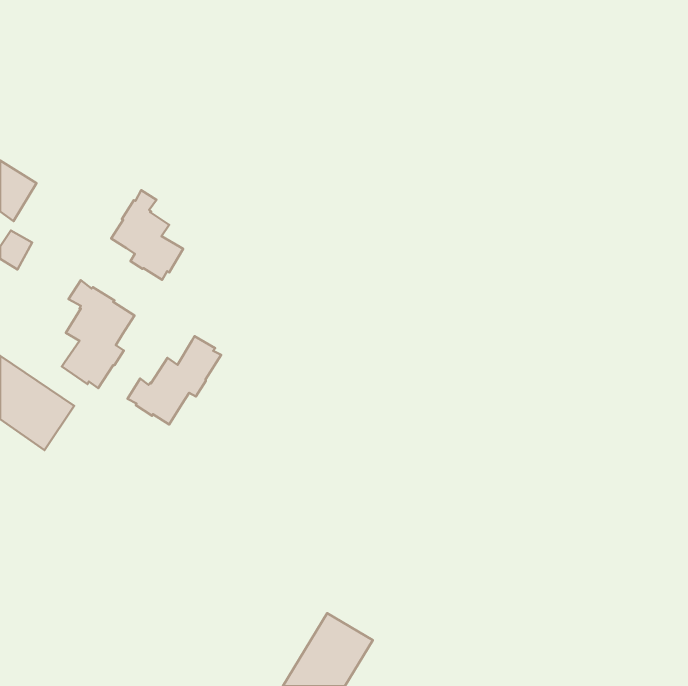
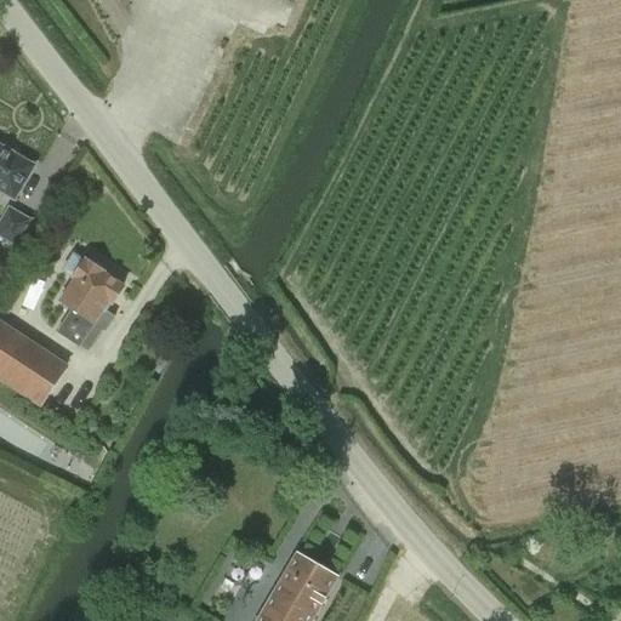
building: [111,190,183,280] -> none
building: [127,336,221,425] -> none

